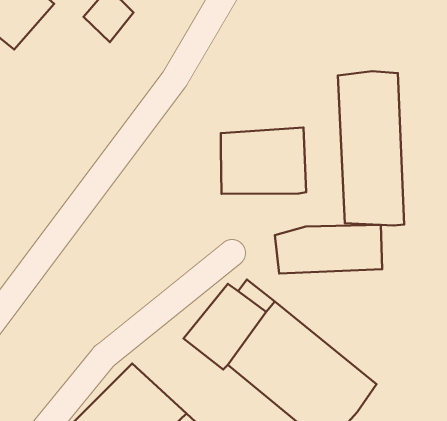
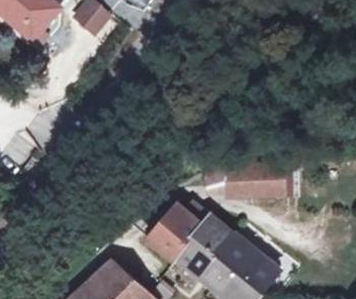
building: [338,71,404,225] -> none
building: [221,128,306,194] -> none

